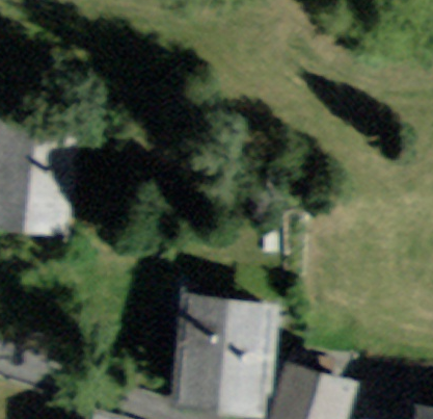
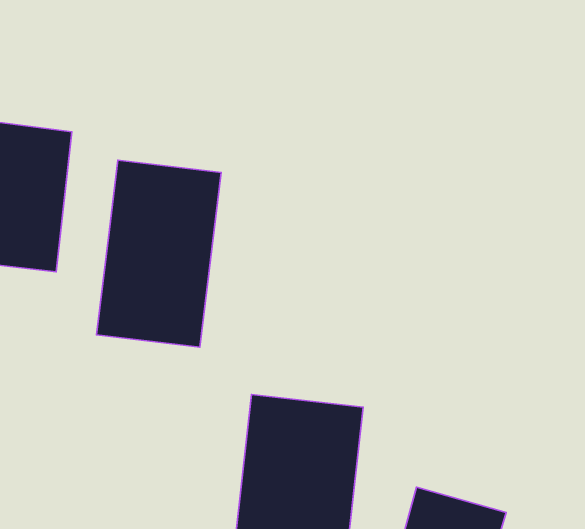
building: none -> [96,160,221,347]

